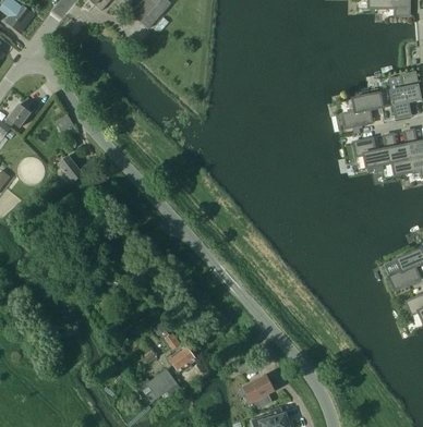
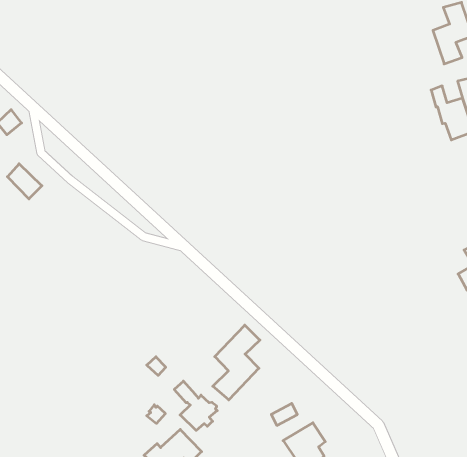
building: [341,93,382,127] -> none
building: [352,137,389,167] -> none
building: none -> [213,325,260,400]

